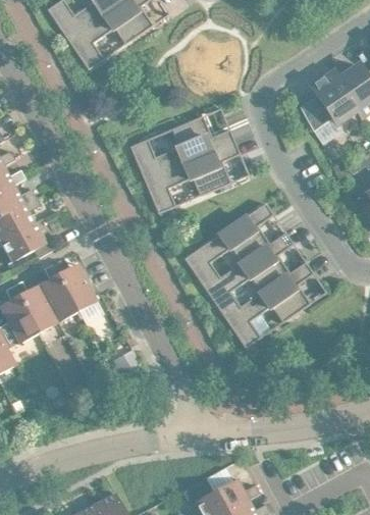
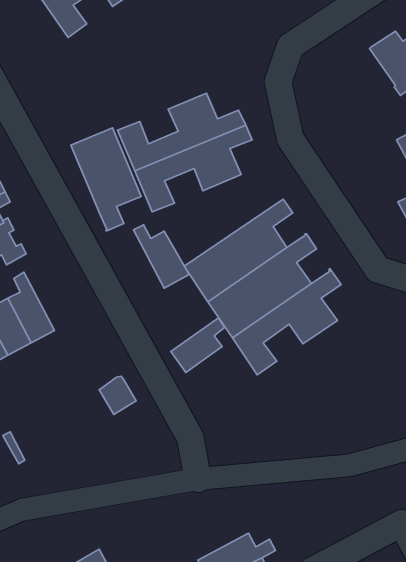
building: [308,70,359,124] -> none
building: none -> [71,128,141,231]
building: [52,259,98,311] -> [133,225,189,288]
building: none -> [171,318,225,373]

